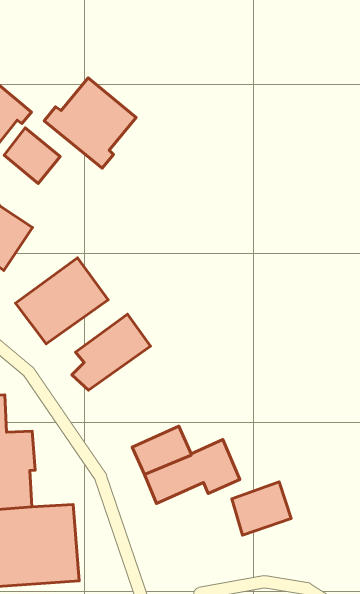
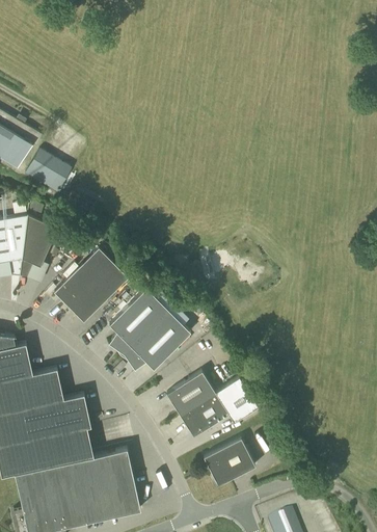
building: [44,78,136,168] -> none
building: none -> [124,311,190,370]
building: [232,482,291,535] -> [204,438,254,486]

